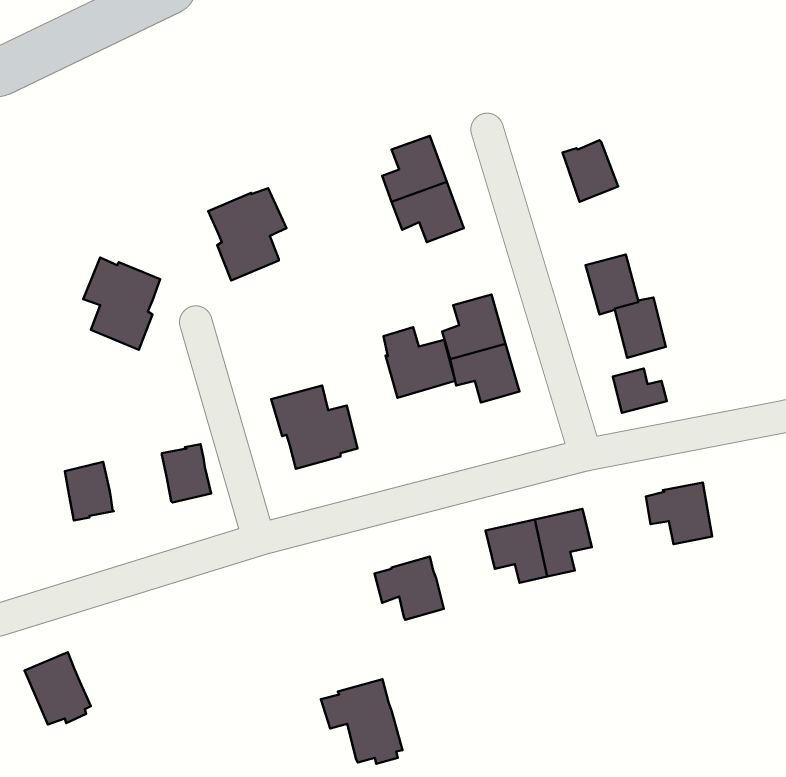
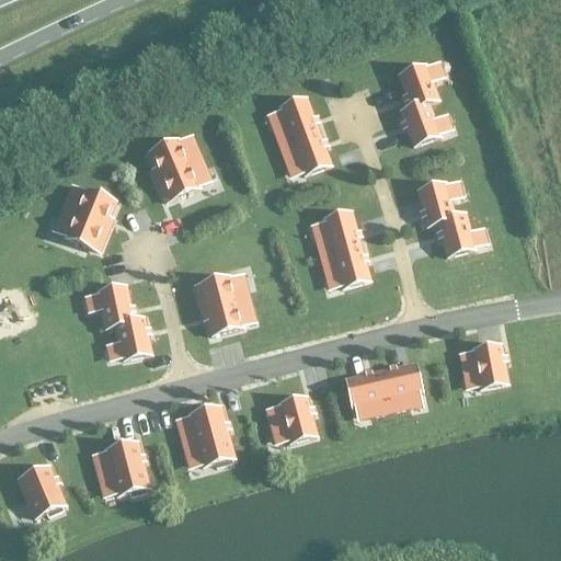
building: none -> [398,62,437,106]
building: [383,327,455,398] -> none
building: [613,369,667,413] -> none
building: [65,462,114,521] -> [98,284,133,325]
building: none -> [92,439,148,494]
building: [321,679,402,764] -> [175,404,233,465]

